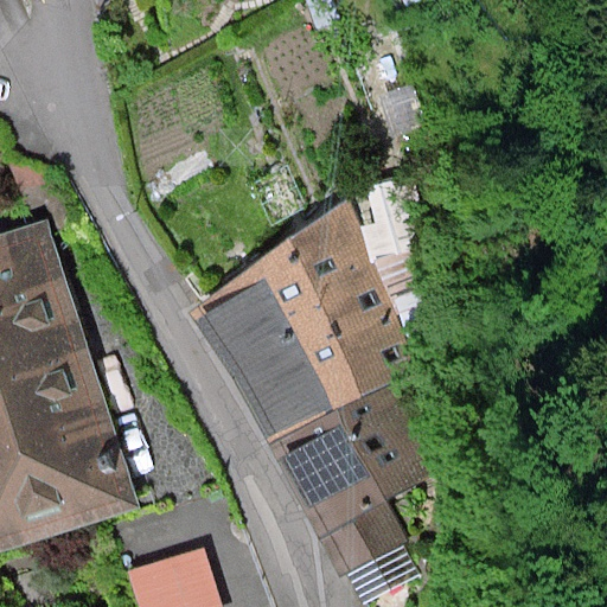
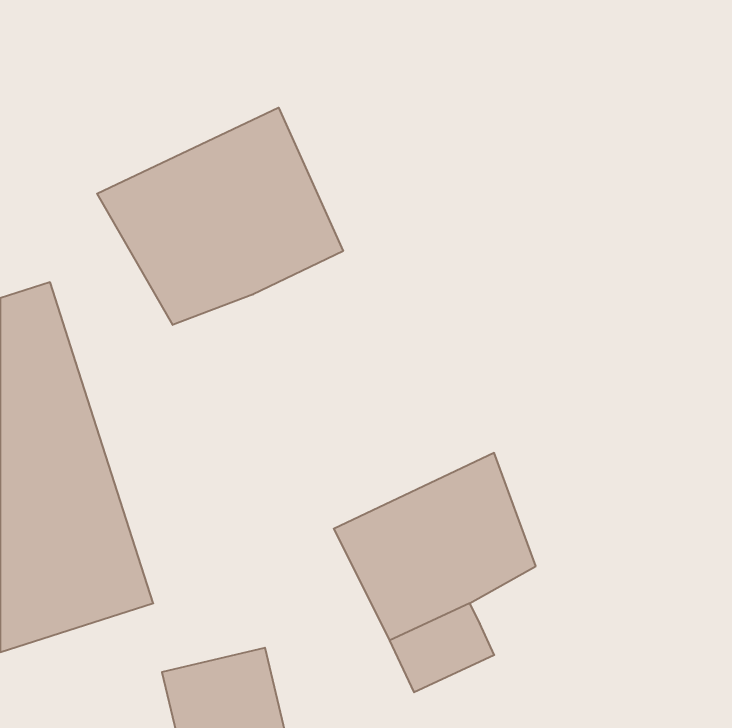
building: none -> [97,108,343,325]
building: [203,209,409,441] -> none

